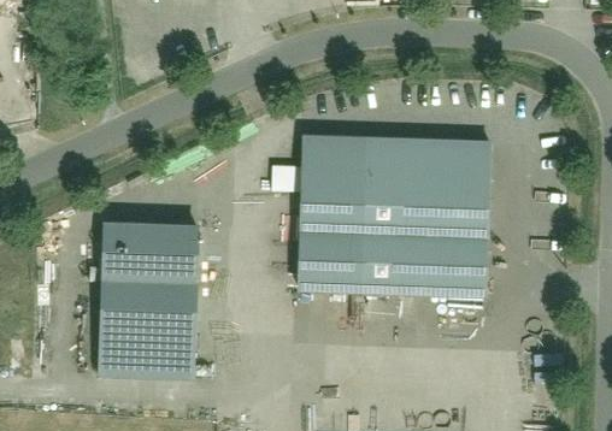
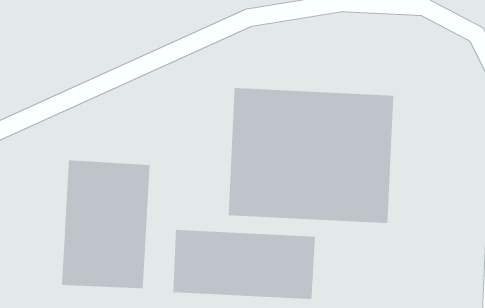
building: none -> [173,229,316,300]

